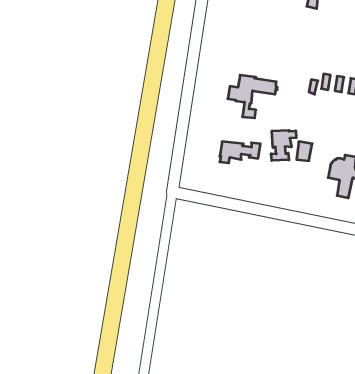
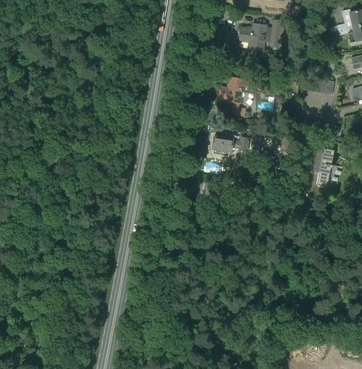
building: none -> [240,19,285,50]
building: [271,130,296,161] -> none

